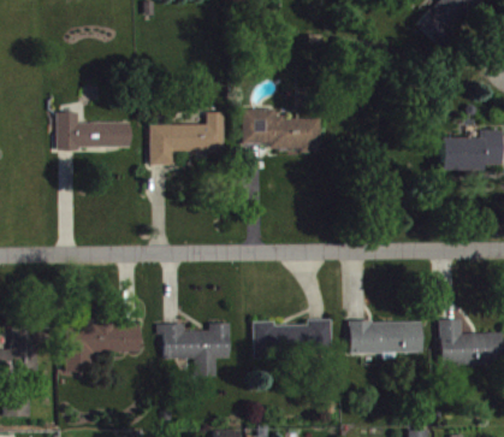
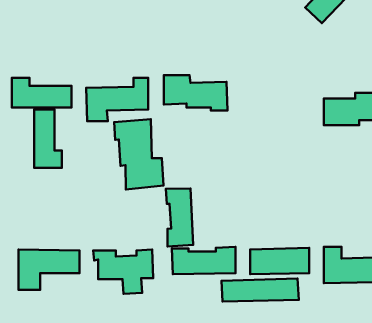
building: none -> [34,109,62,168]
building: none -> [114,119,164,189]
building: none -> [166,188,193,246]
building: none -> [221,279,299,301]

